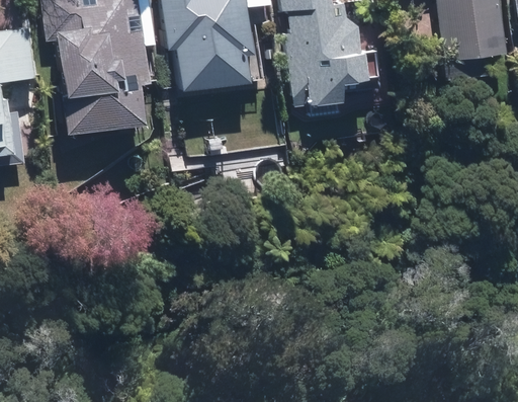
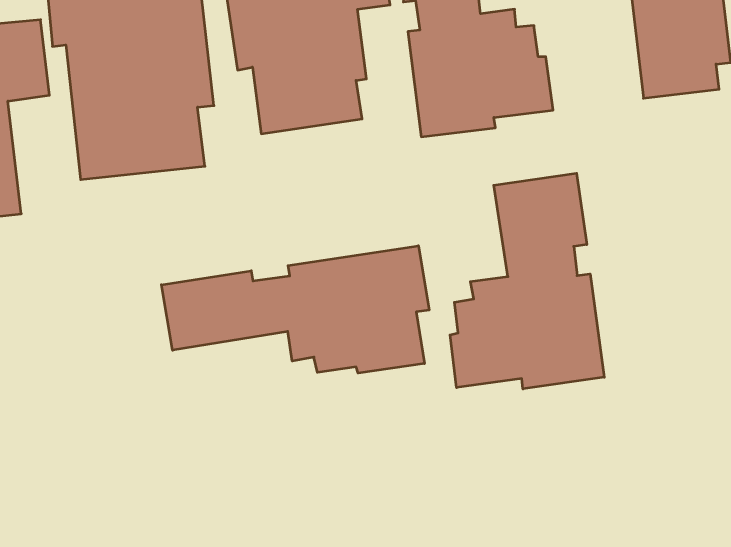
building: none -> [450,173,604,389]
building: none -> [161,246,429,373]

